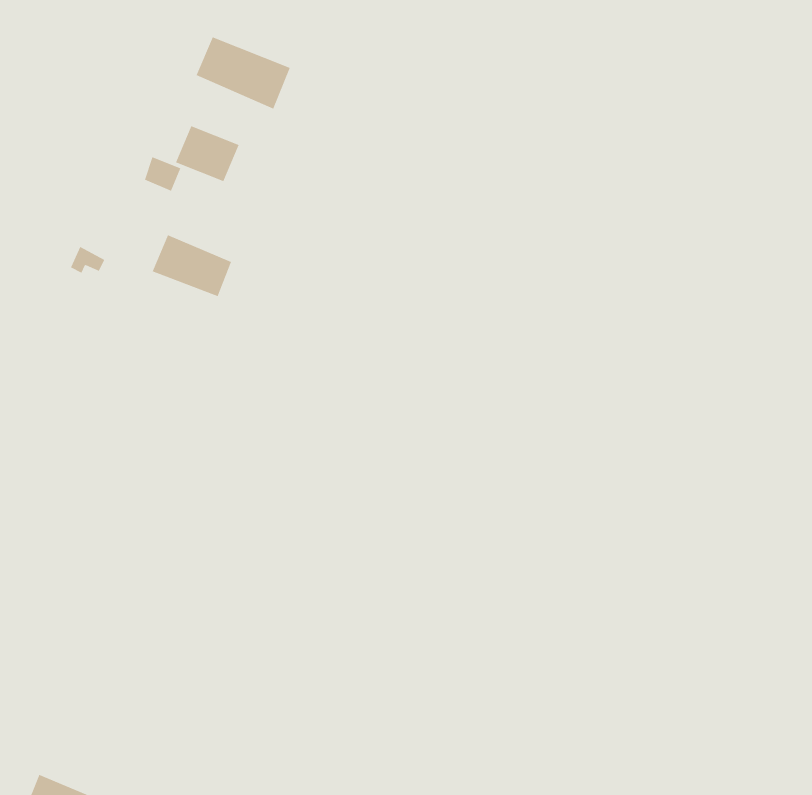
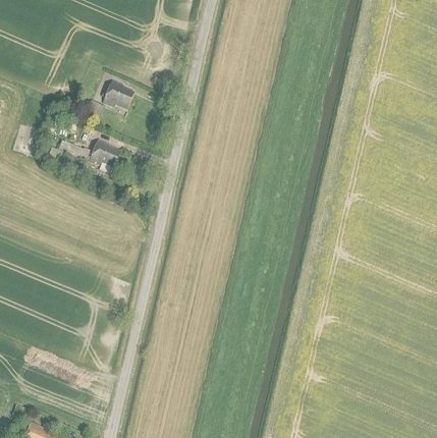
building: [196,37,290,110] -> none

